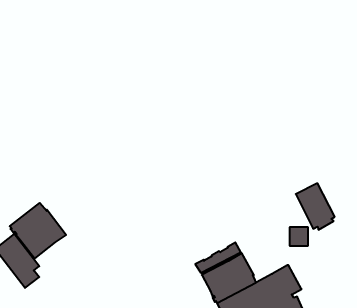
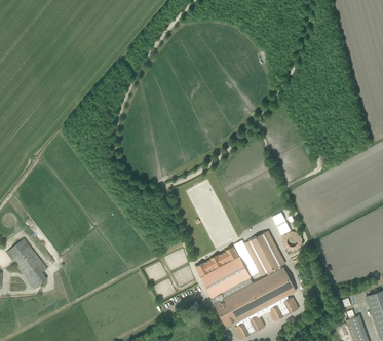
building: [296,183,335,230] -> [246,231,283,275]
building: [10,203,66,259] -> none

